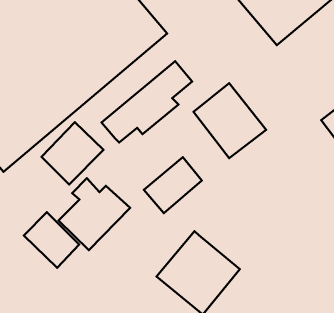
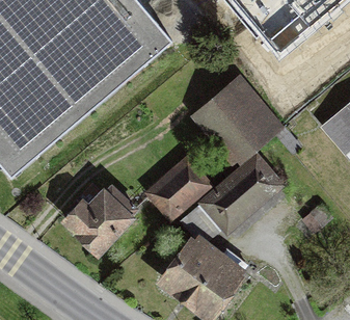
building: [101,61,192,143] -> [186,160,275,240]
building: [41,122,104,184] -> none
building: [24,212,79,268] -> none

